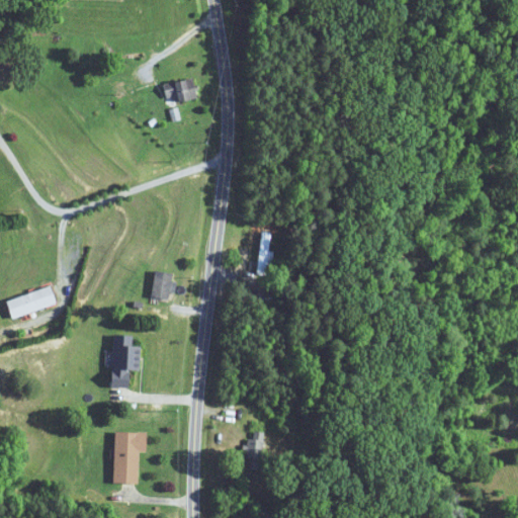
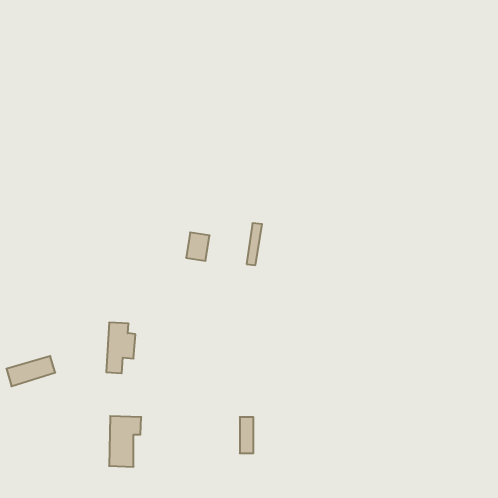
building: [163,79,196,103] -> none
building: [151,271,175,300] -> [186,232,210,261]
building: [6,287,57,319] -> [6,356,55,386]

